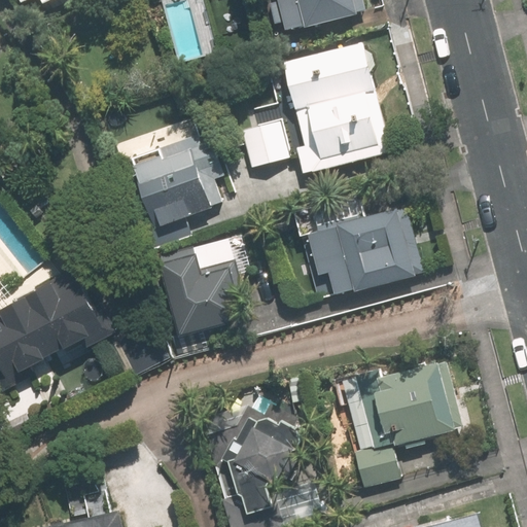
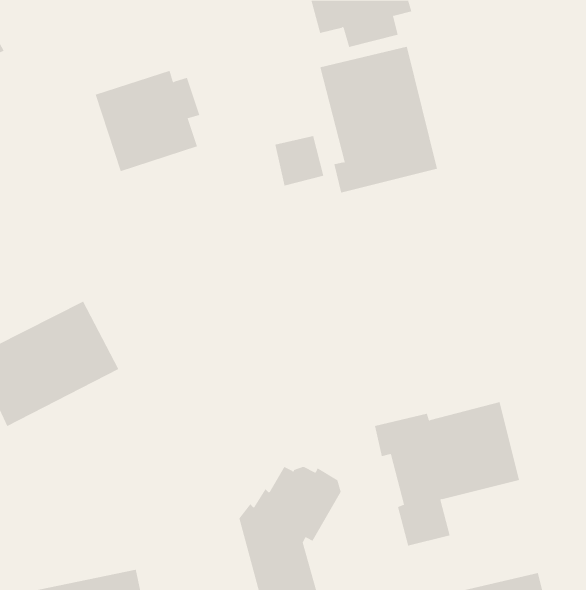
building: [131,136,224,226] -> [95,70,200,172]
building: [298,195,424,301] -> none
building: [160,253,248,336] -> none

